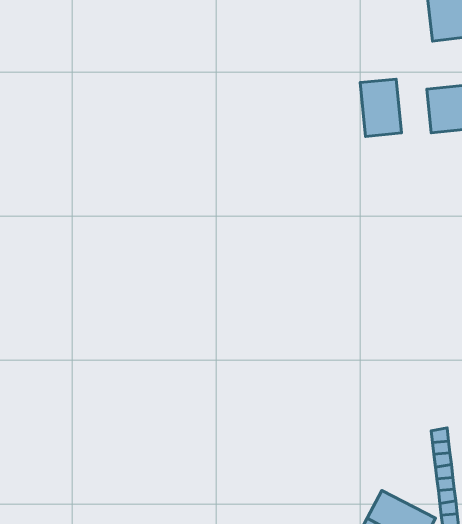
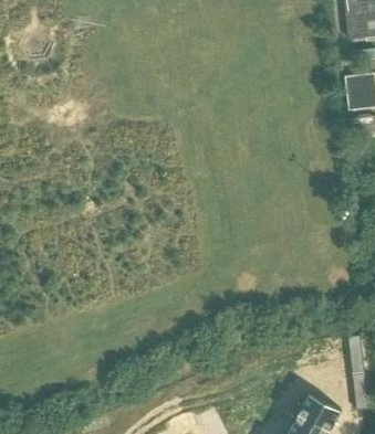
building: [360,79,401,136] -> none

